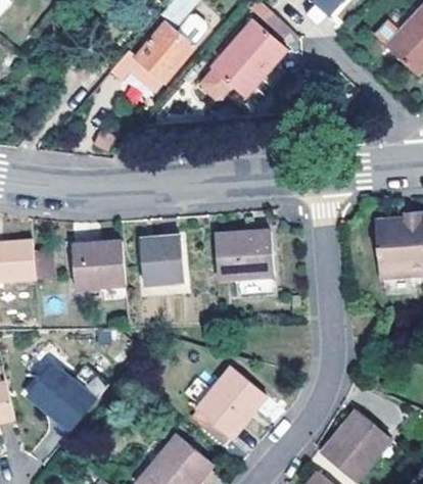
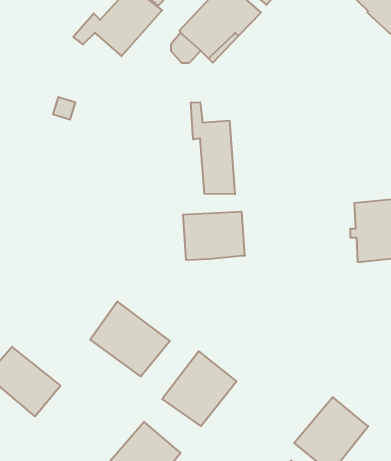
building: none -> [191,102,235,194]
building: [141,240,184,287] -> none
building: [72,242,125,289] -> none
building: none -> [90,301,170,376]

